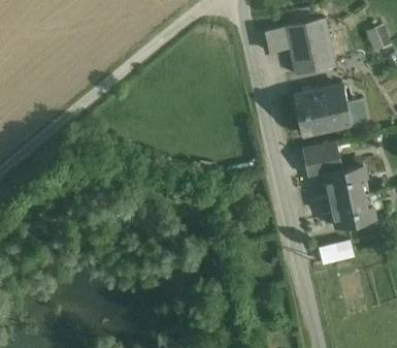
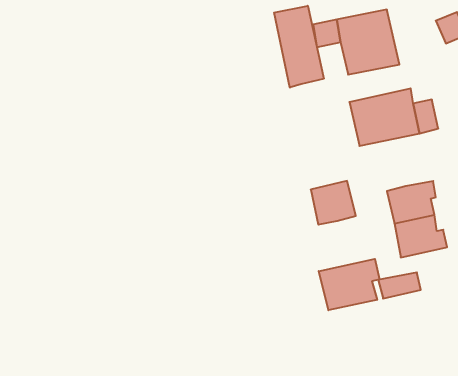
building: none -> [274,6,324,88]
building: [303,139,340,176] -> [311,181,356,225]
building: none -> [319,259,379,310]

